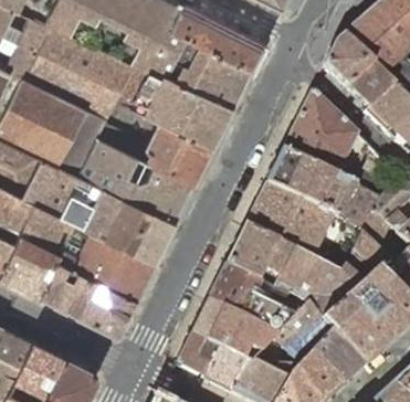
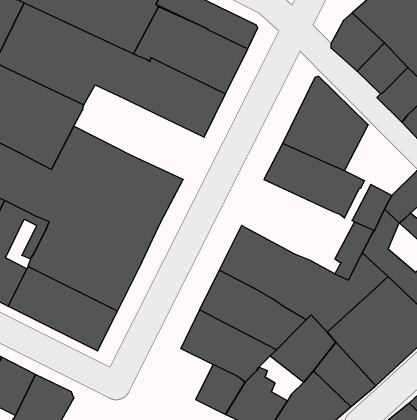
building: [95,121,211,184] -> none
building: [244,184,326,256] -> none
building: [176,335,219,380] -> none

